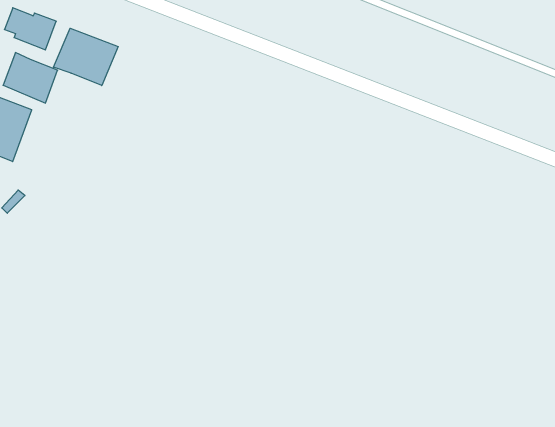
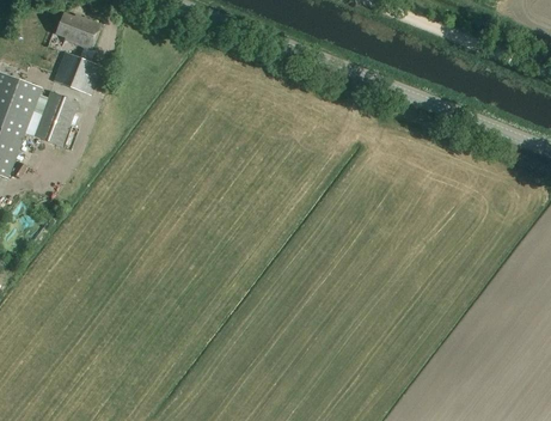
building: [54,28,118,86] -> none

